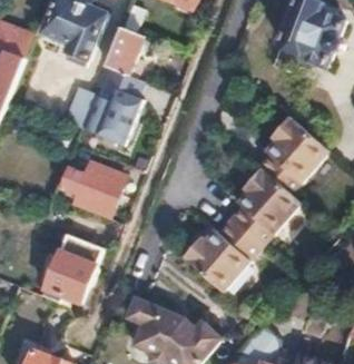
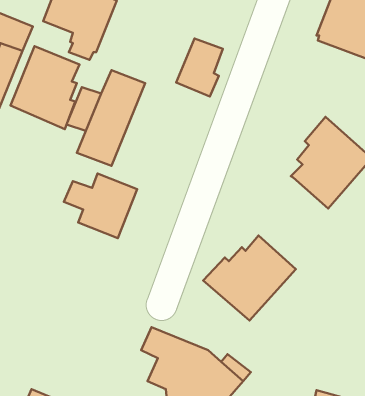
building: [105,28,145,78] -> [176,38,223,97]
building: none -> [10,46,79,129]
building: [228,167,298,246] -> none
building: [42,235,99,303] -> none

